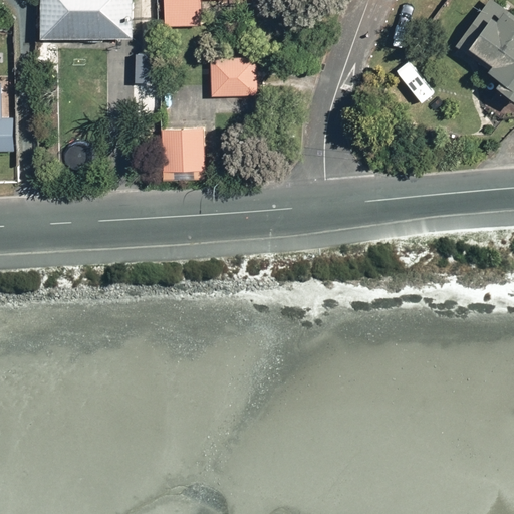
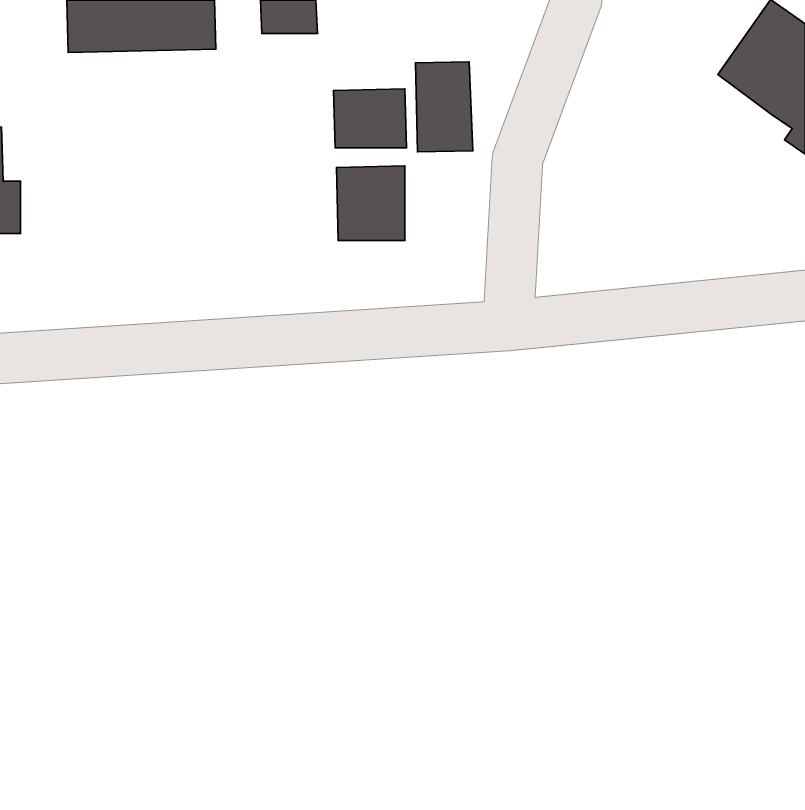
building: none -> [416,62,473,152]
building: [161,126,204,174] -> [337,166,405,241]

